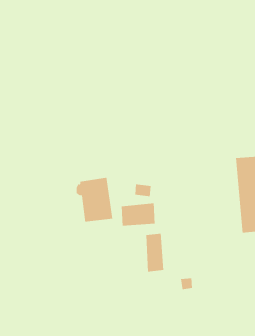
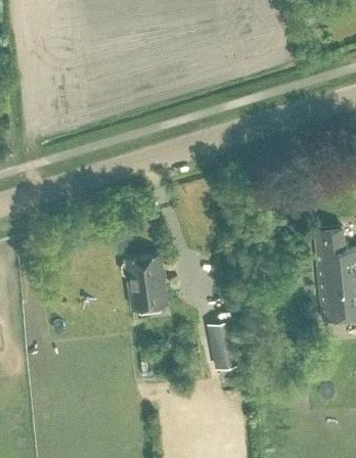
building: [121,202,155,227] -> none

